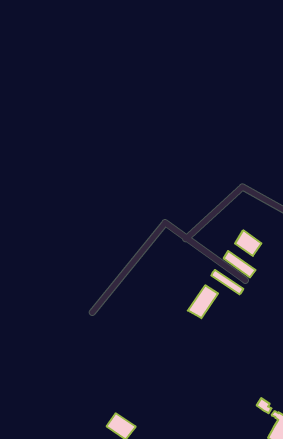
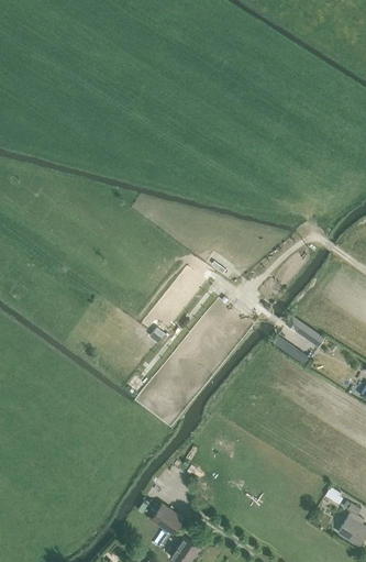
building: [235,230,261,256] -> none
building: [188,285,218,318] -> none

